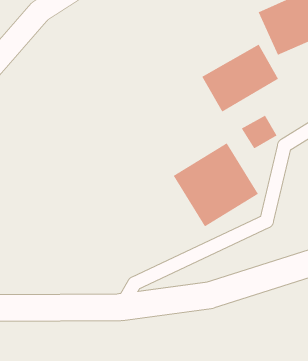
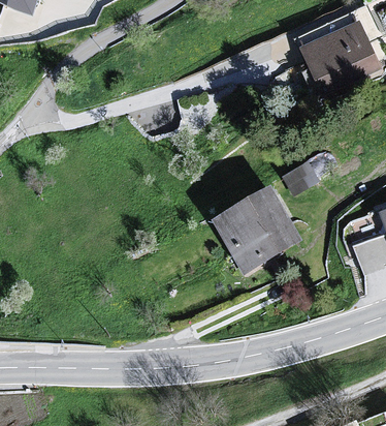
building: [201,44,279,113] -> none

